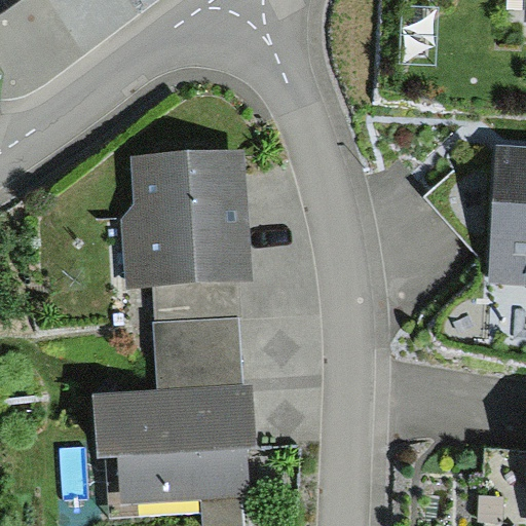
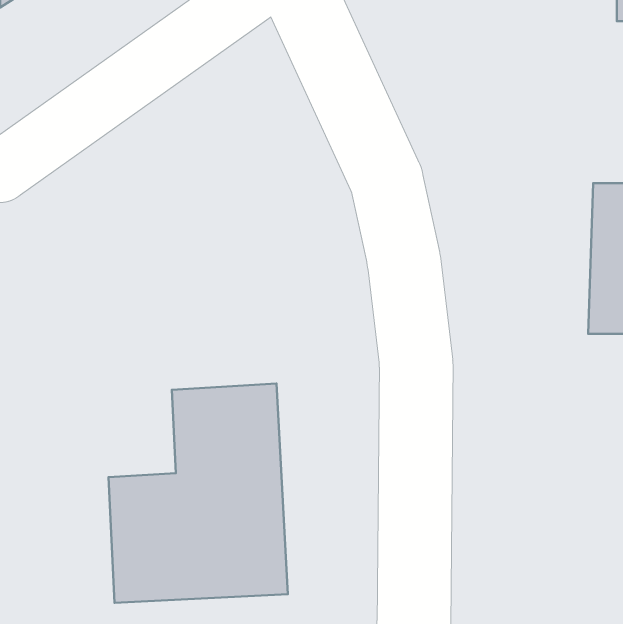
building: [117,155,248,284] -> none

